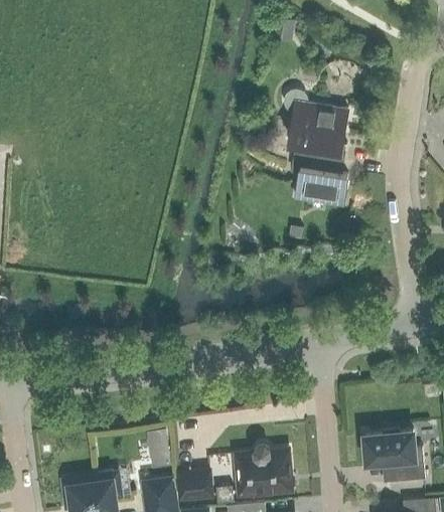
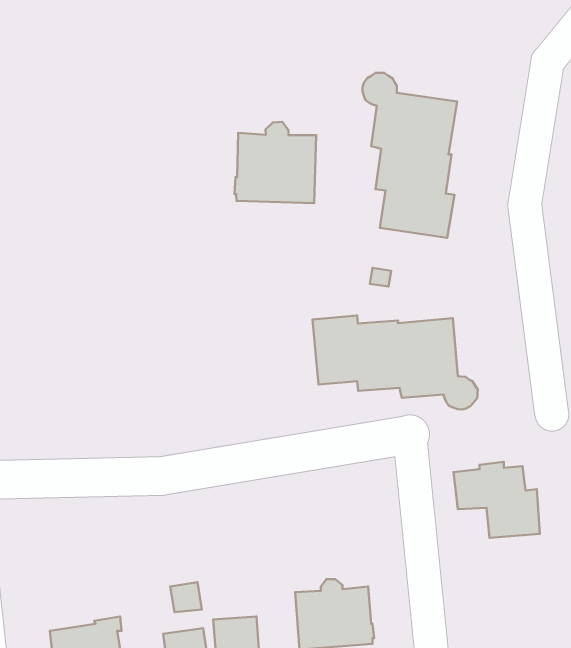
building: none -> [235,122,316,203]
building: none -> [312,315,478,409]
building: [364,429,425,482] -> [454,462,540,538]

